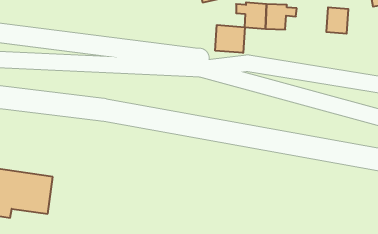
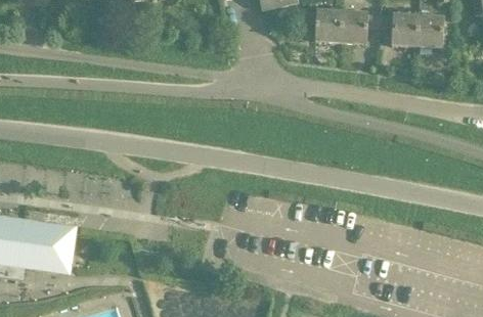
building: none -> [379,13,419,45]
building: [215,25,245,53] -> none

